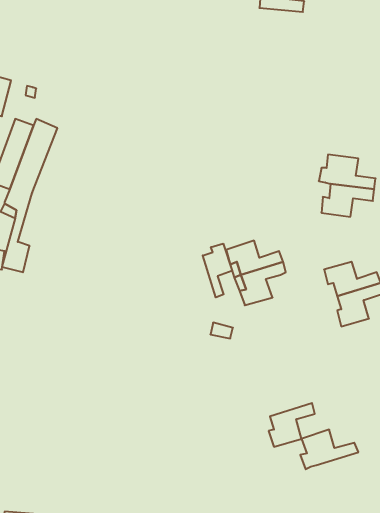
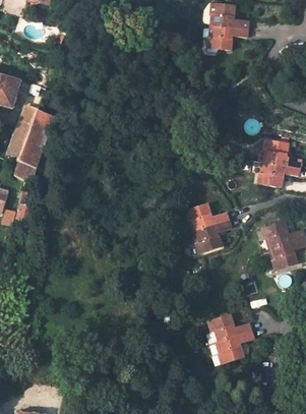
building: none -> [204,24,244,49]
building: [203,244,232,297] -> none
building: [300,430,358,469] -> [206,311,251,342]

